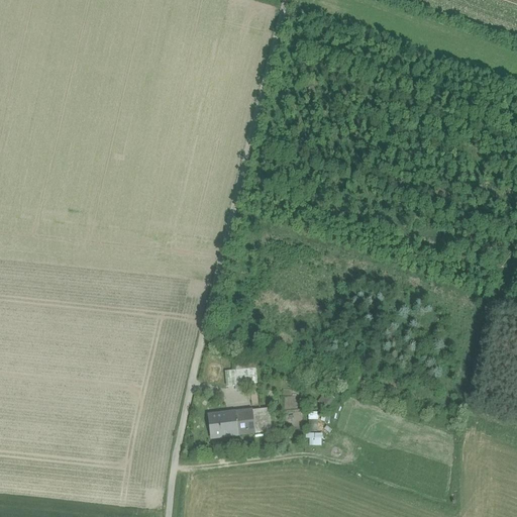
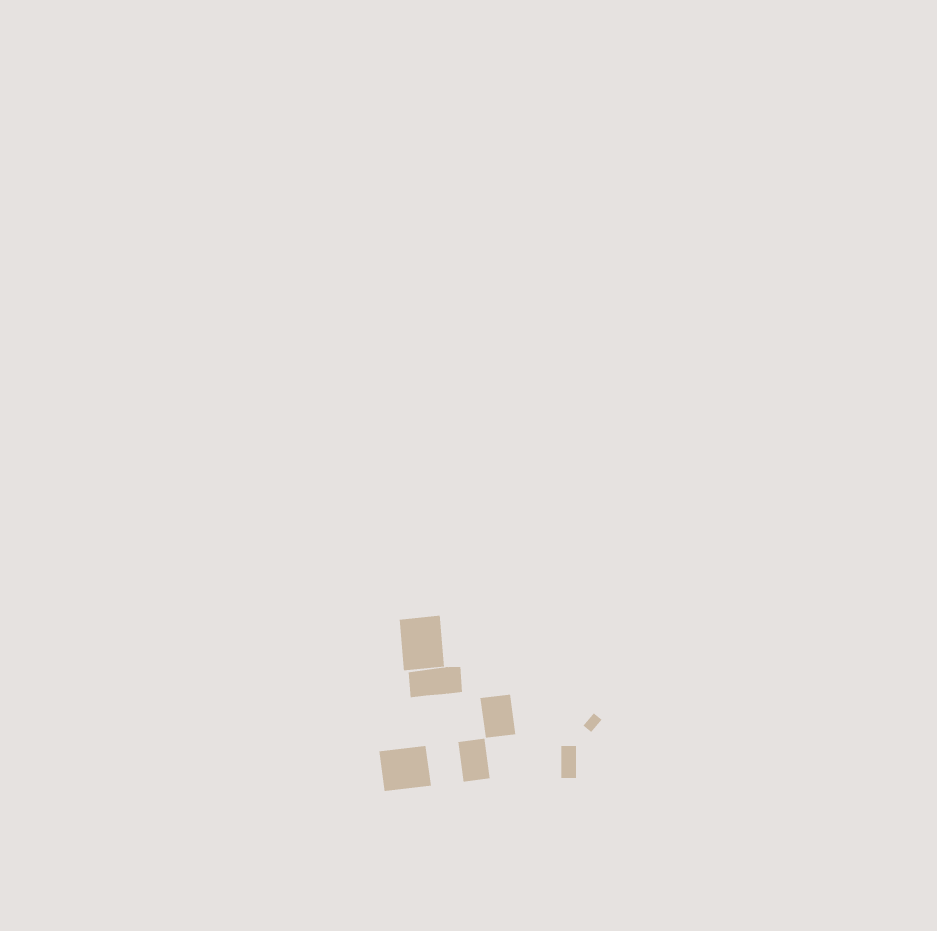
building: none -> [399,615,445,671]
building: [234,408,254,432] -> [480,694,516,738]

